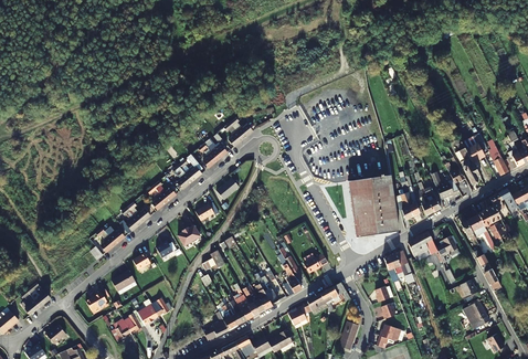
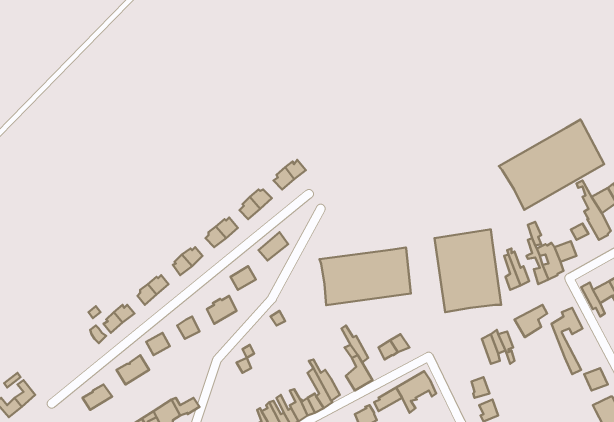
building: none -> [499,120,604,210]
building: none -> [320,247,411,305]

